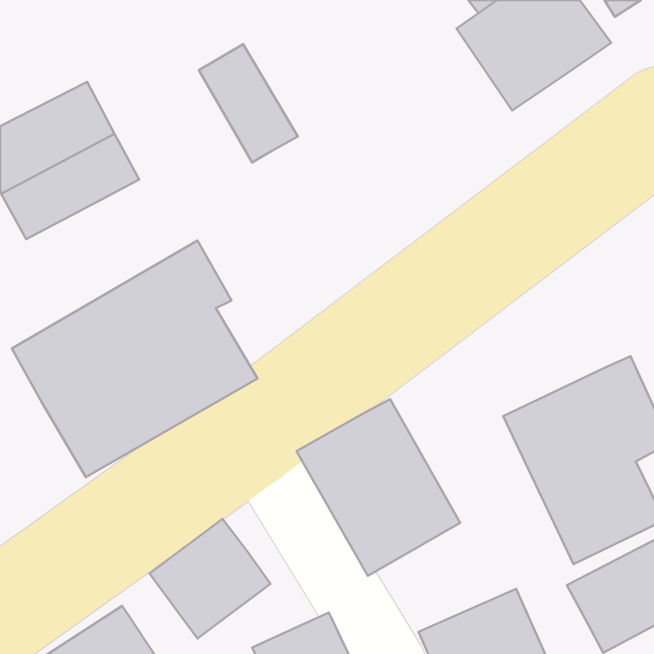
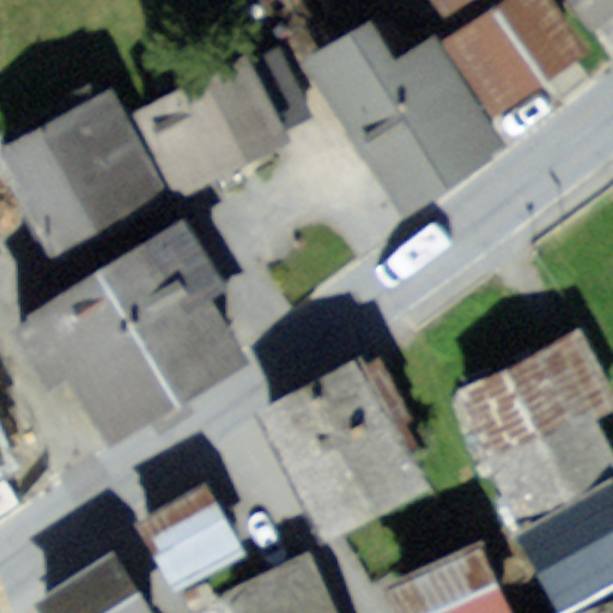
building: none -> [290,17,496,212]
building: none -> [128,74,242,196]

